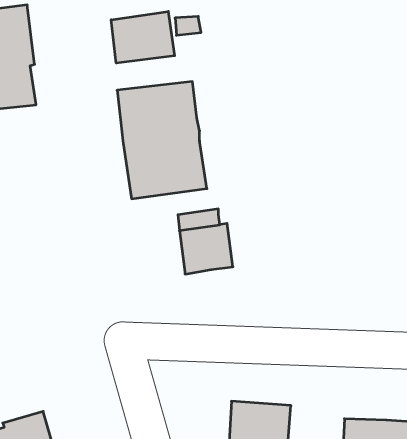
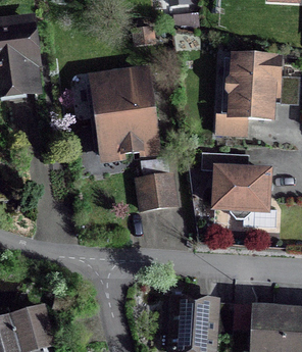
building: [111,11,175,63] -> none
building: none -> [214,56,278,135]
building: none -> [213,169,266,218]

